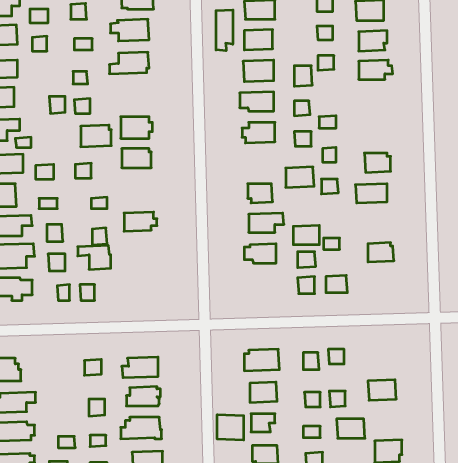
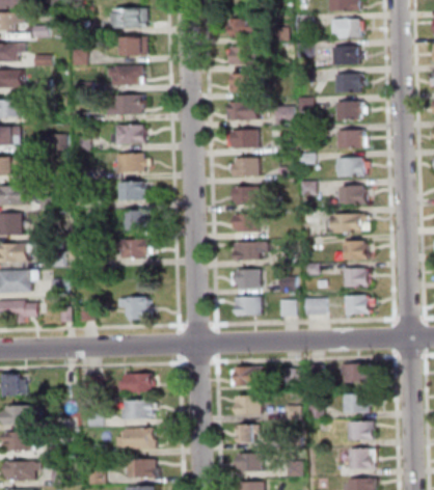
building: [216,10,233,51] -> none
building: none -> [336,129,365,147]
building: none -> [336,157,363,174]
building: [81,125,111,147] -> [116,124,144,143]
building: [286,167,314,187] -> [233,186,259,205]
building: none -> [124,211,147,228]
building: none -> [343,240,367,258]
building: [293,225,319,245] -> [237,296,261,314]
building: [78,246,111,269] -> [119,297,150,319]
building: none -> [345,296,369,314]
building: none -> [341,363,370,381]
building: [217,415,244,440] -> none
building: [337,419,365,438] -> [348,421,374,439]

